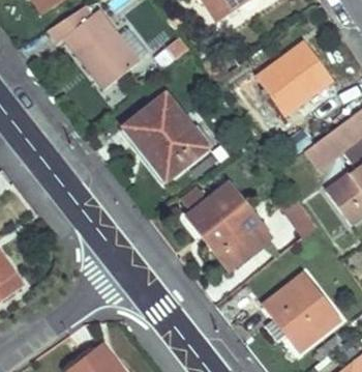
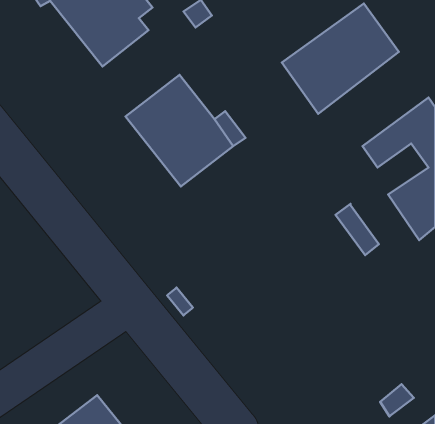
building: [186,182,270,269] -> none
building: [262,271,340,352] -> none

